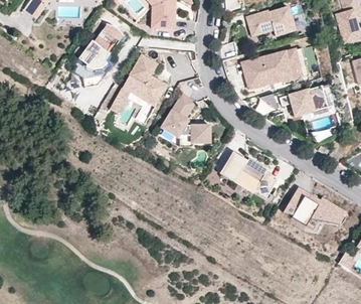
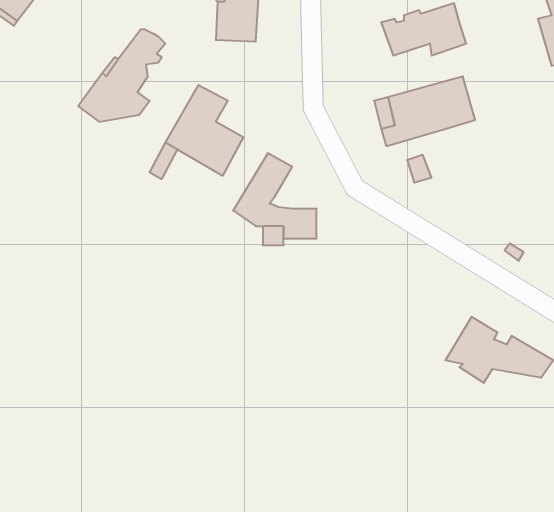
building: [280,86,328,116] -> none
building: [220,154,277,199] -> none

